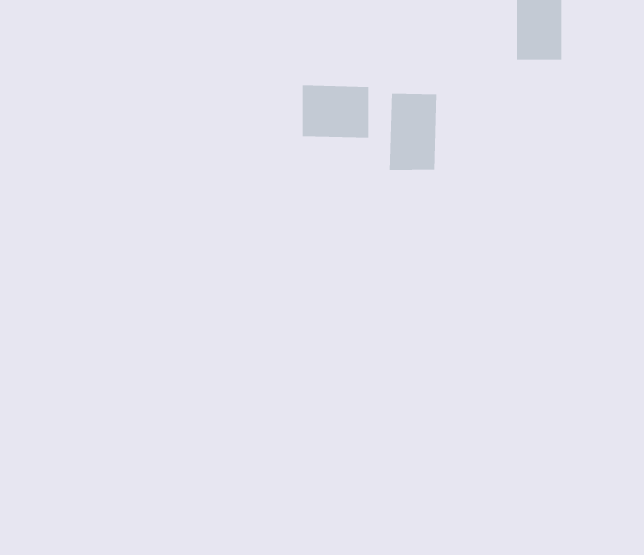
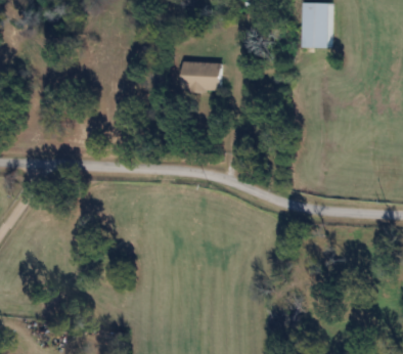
building: [389,93,437,171] -> none

